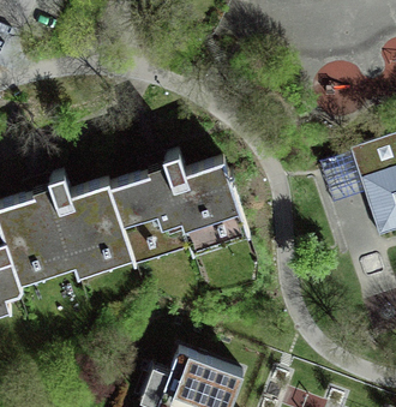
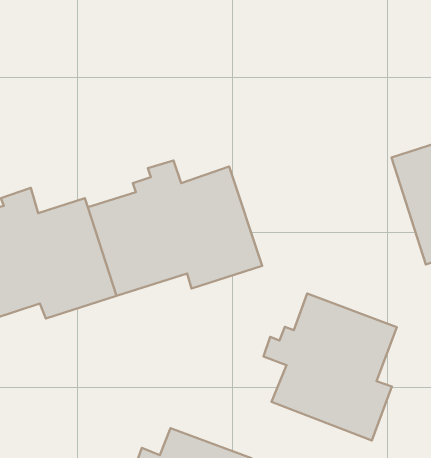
building: none -> [264,294,397,440]

